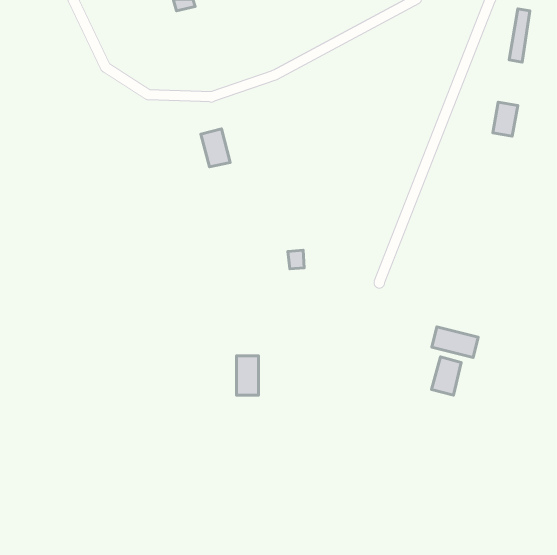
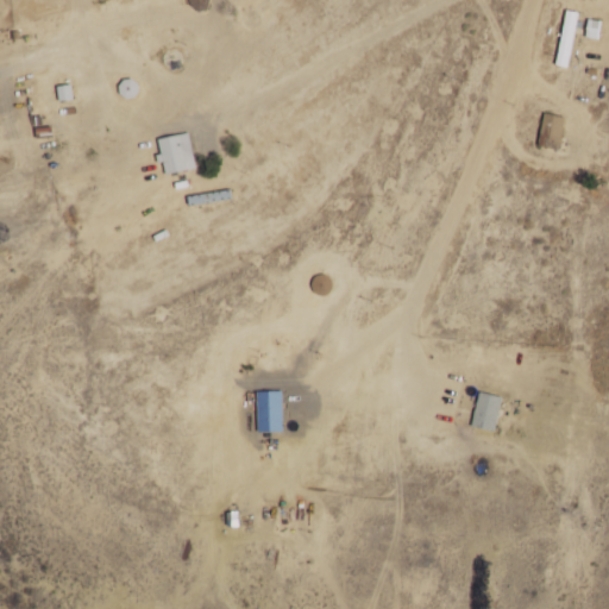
building: [201,129,230,167] -> [157,132,189,174]
building: [432,327,478,357] -> none

